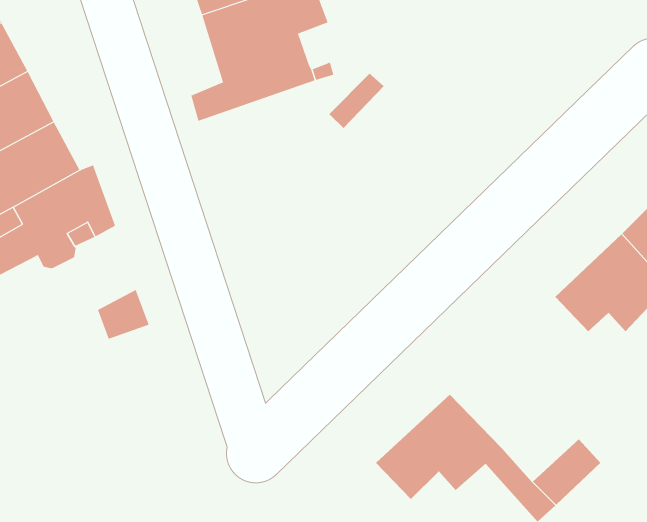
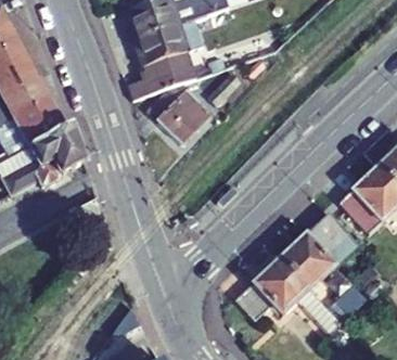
building: none -> [145,83,209,142]
building: none -> [278,211,358,290]

